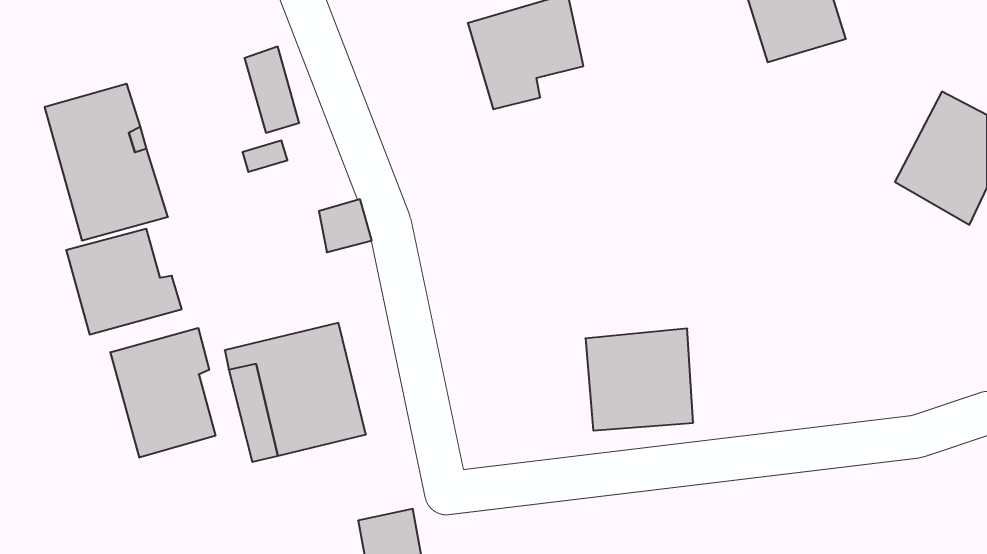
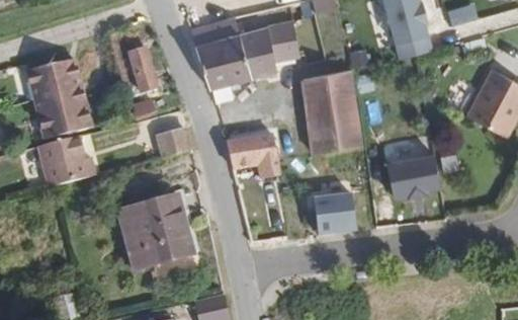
building: none -> [198,29,257,86]
building: none -> [301,66,363,153]
building: none -> [226,133,278,168]
building: none -> [385,146,452,211]
building: [110,328,215,458] -> none

